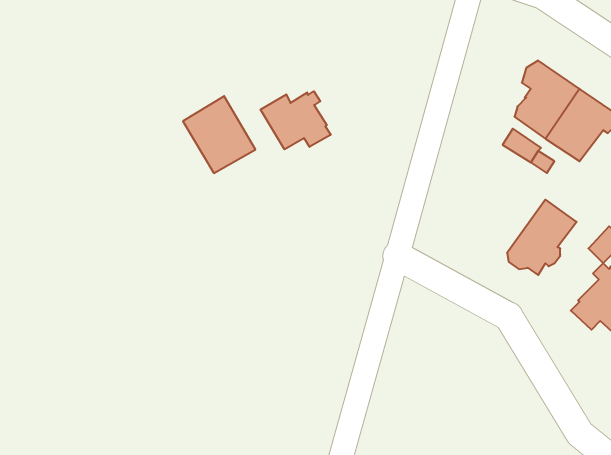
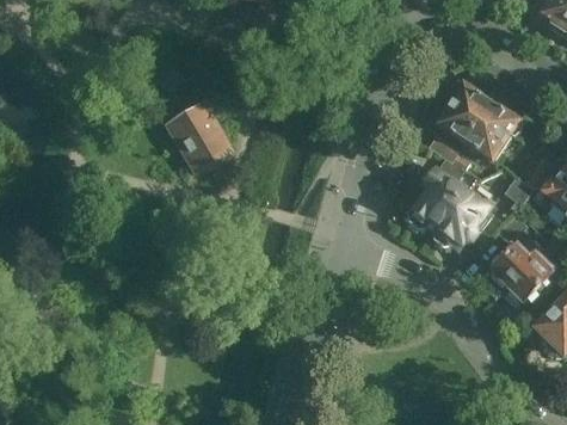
building: [261,91,331,149] -> none
building: none -> [409,170,464,234]

